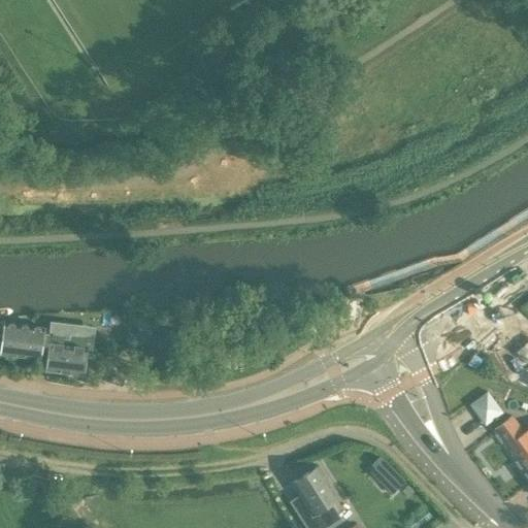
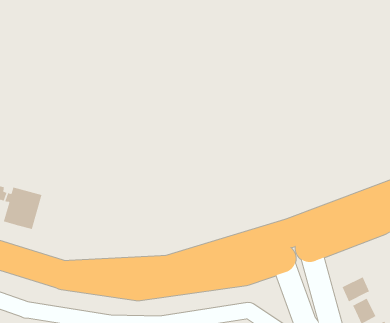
building: none -> [342,276,370,303]

